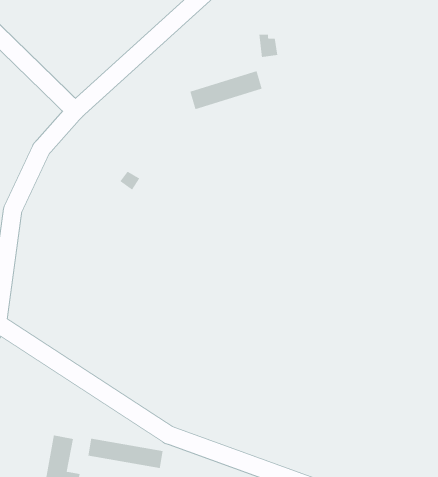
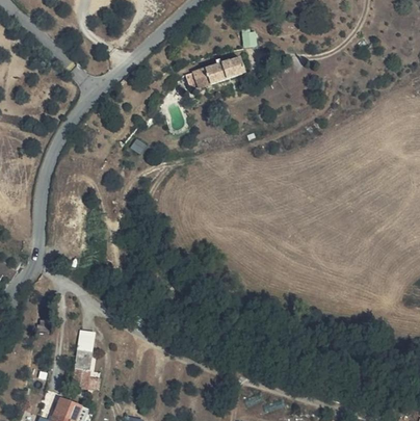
building: [88,438,163,469] -> none

